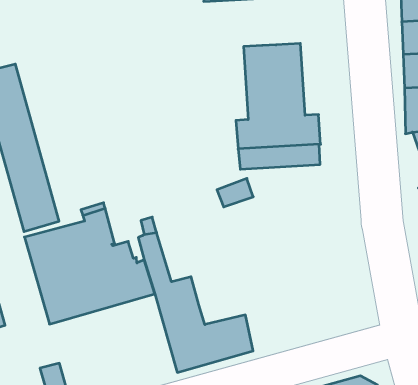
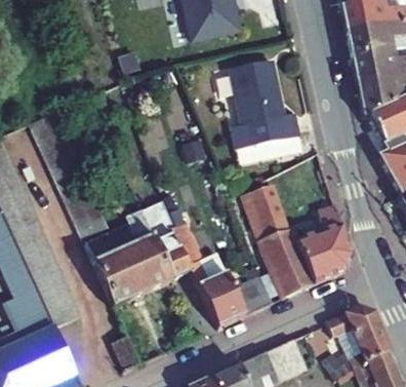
building: none -> [246,183,352,298]

